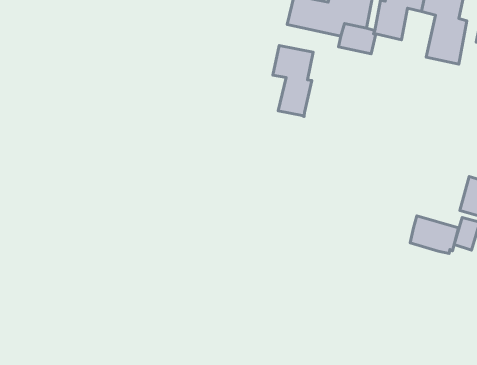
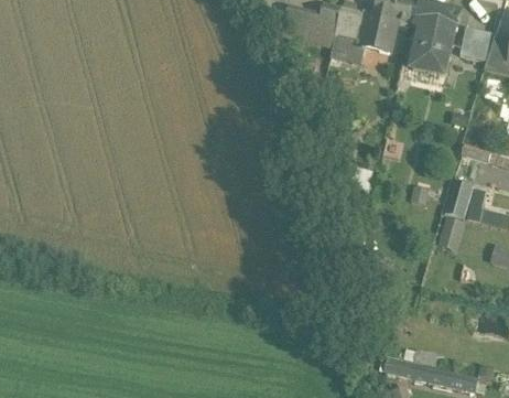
building: [273,46,313,116] -> none
building: [410,216,459,254] -> none

